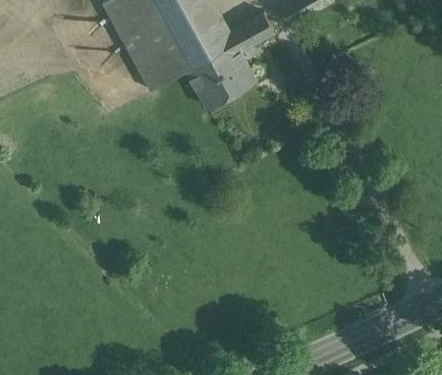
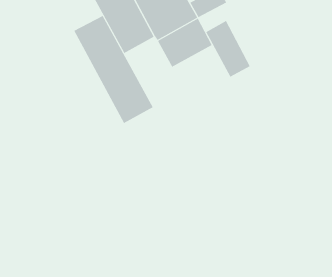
building: none -> [73,15,154,124]
building: none -> [205,20,251,77]

